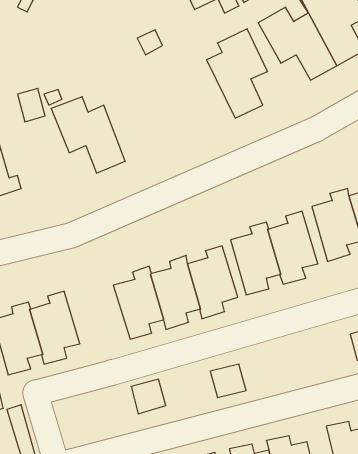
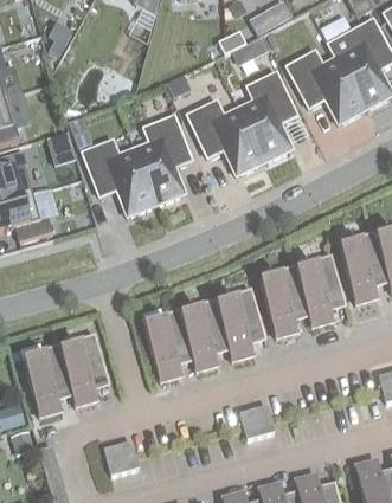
building: none -> [187,101,264,174]
building: none -> [134,116,191,204]
building: [131,379,166,414] -> [104,440,139,475]

